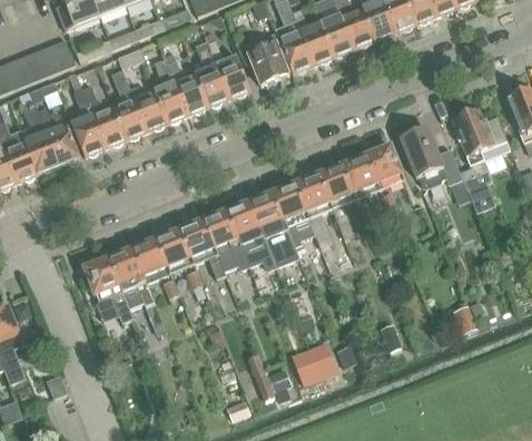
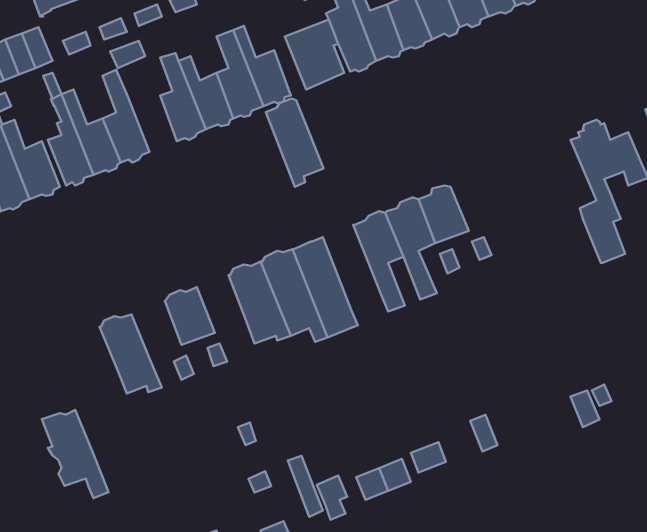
building: [128,85,165,130] -> none
building: [400,127,462,188] -> none
building: [365,145,402,188] -> none
building: [272,183,314,247] -> [266,99,324,187]
building: [179,220,224,278] -> none
building: [131,239,168,282] -> none
building: [83,258,132,323] -> [42,410,109,498]

